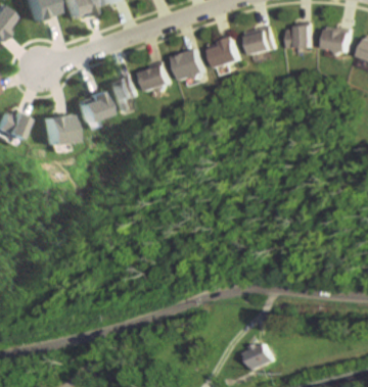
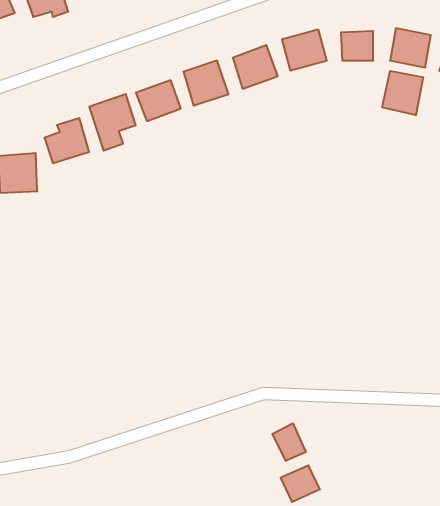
building: none -> [382,71,423,115]
building: none -> [272,423,306,461]

